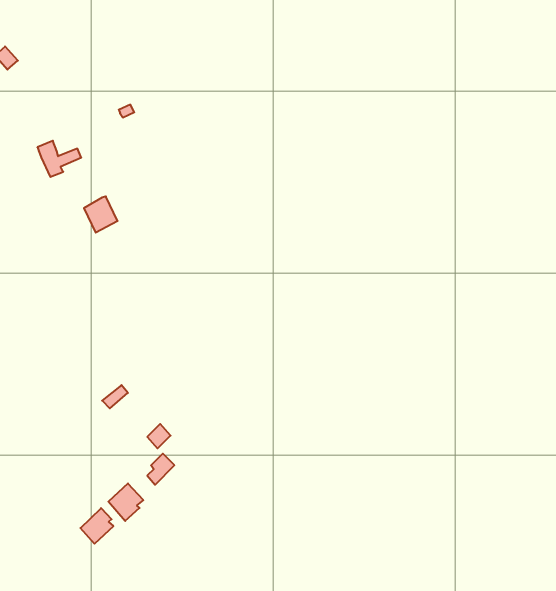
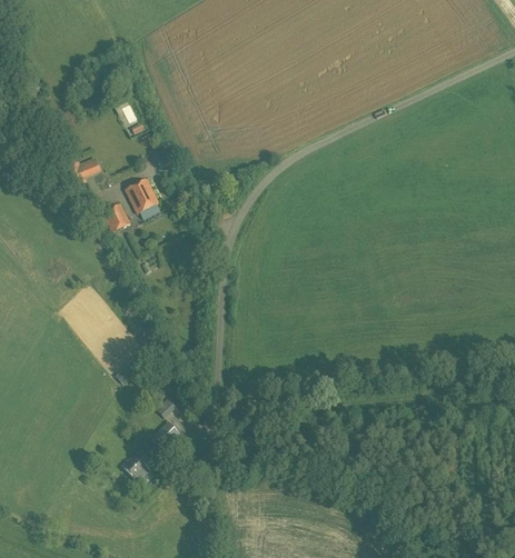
building: none -> [127,178,160,213]
building: [80,508,113,544] -> none

